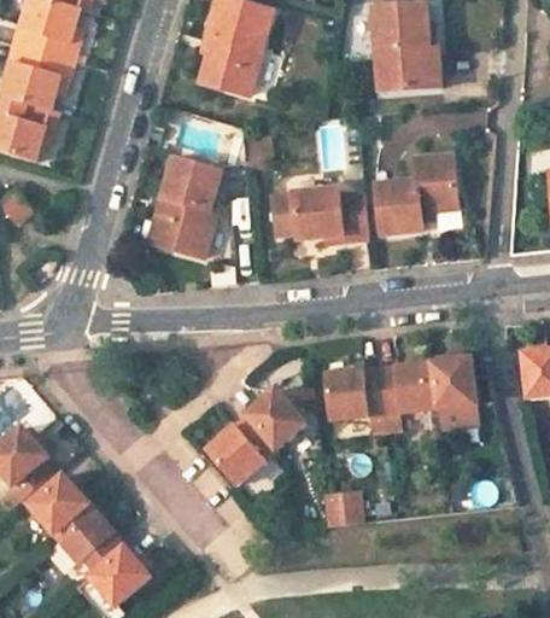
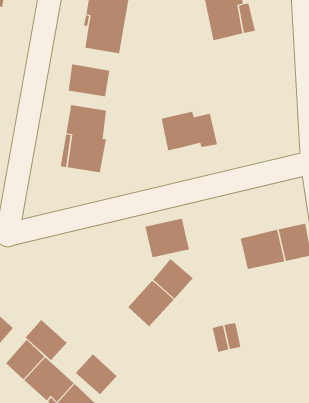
building: none -> [68,63,110,97]
building: [371,152,454,234] -> none
building: [324,372,384,421] -> [145,218,190,258]
building: none -> [25,319,67,361]
building: none -> [75,353,118,395]

